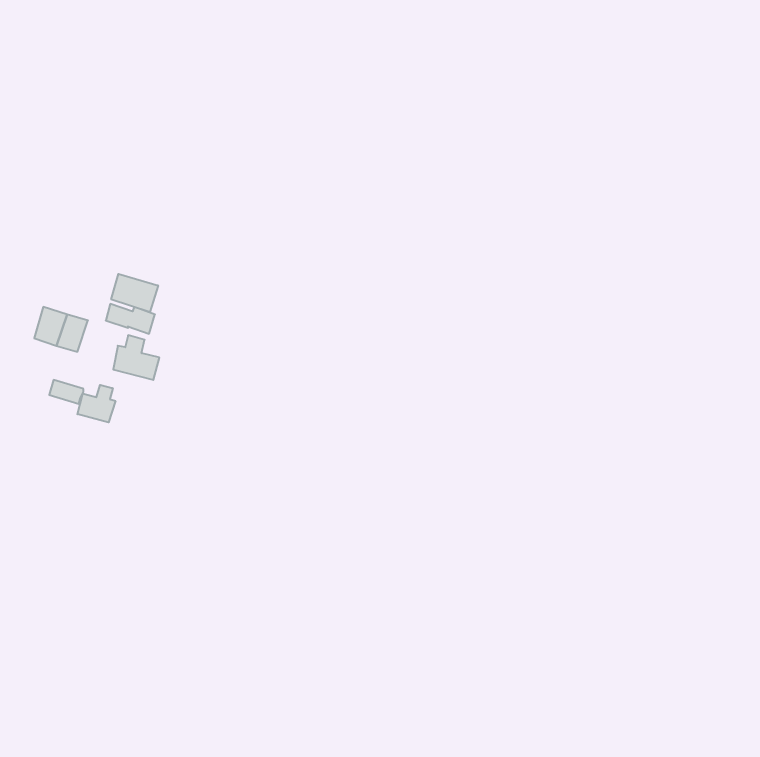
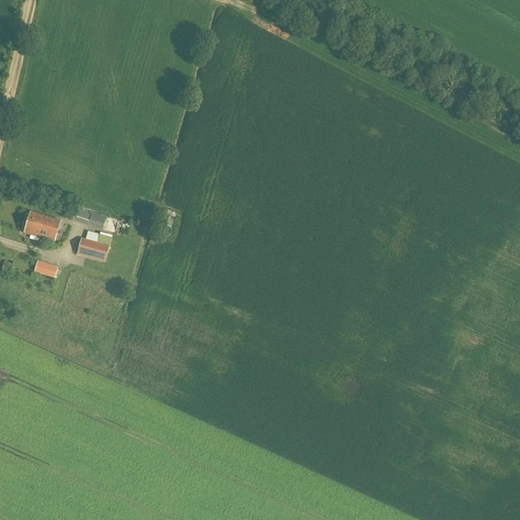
building: [111,274,158,312] -> none
building: [77,385,115,422] -> none

